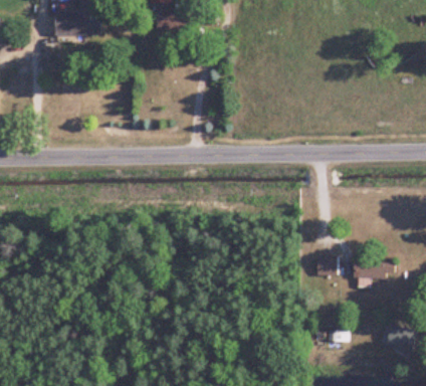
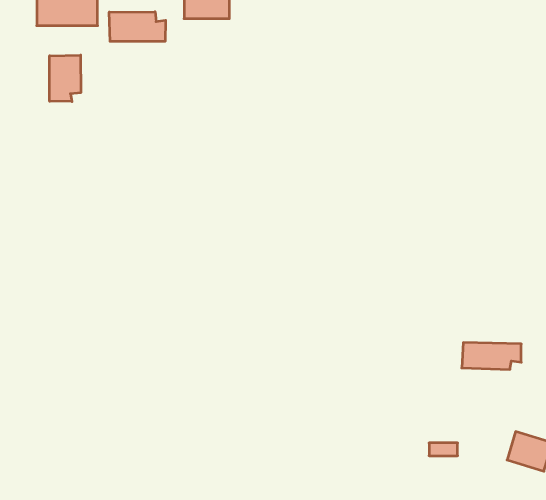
building: none -> [109,12,166,41]
building: none -> [50,55,81,102]

